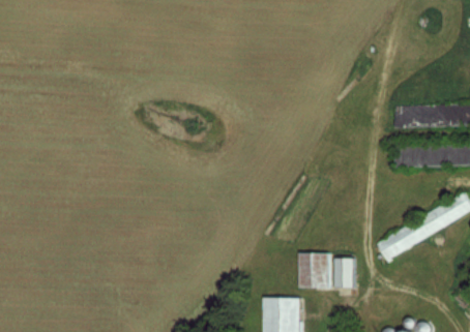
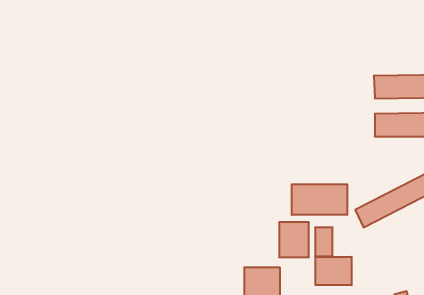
building: none -> [292,184,347,215]
building: none -> [316,257,352,285]

